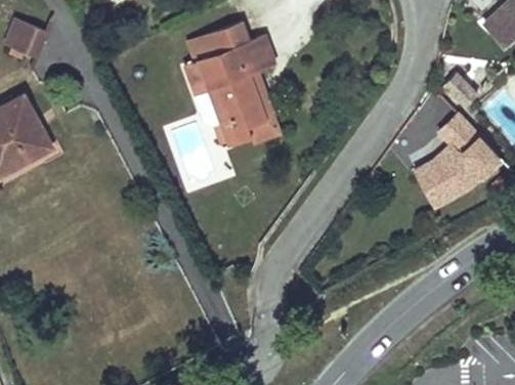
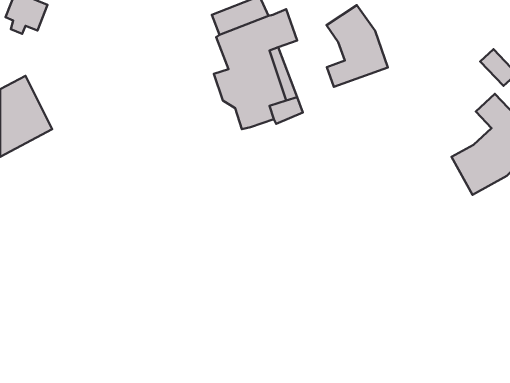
building: none -> [326,5,388,87]

